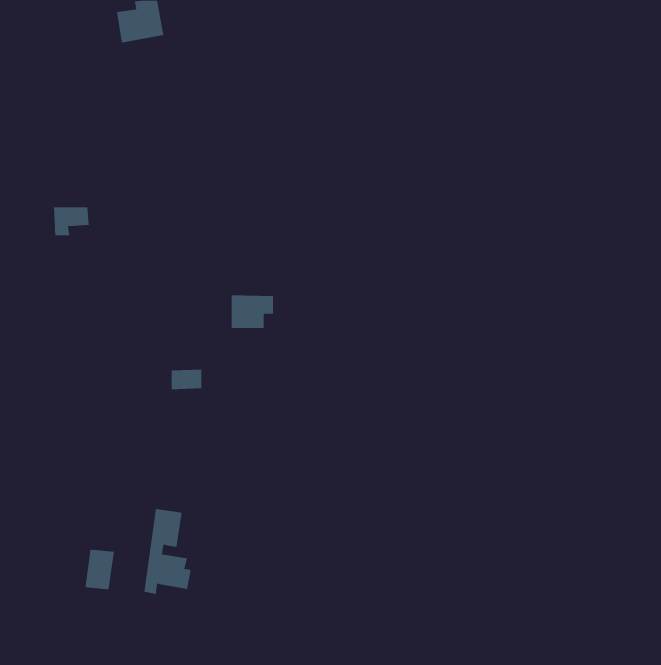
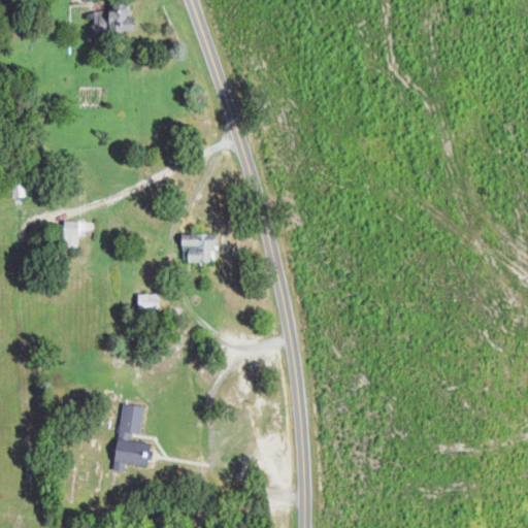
building: [53,207,90,236] -> [64,221,93,243]
building: [85,549,114,590] -> none

